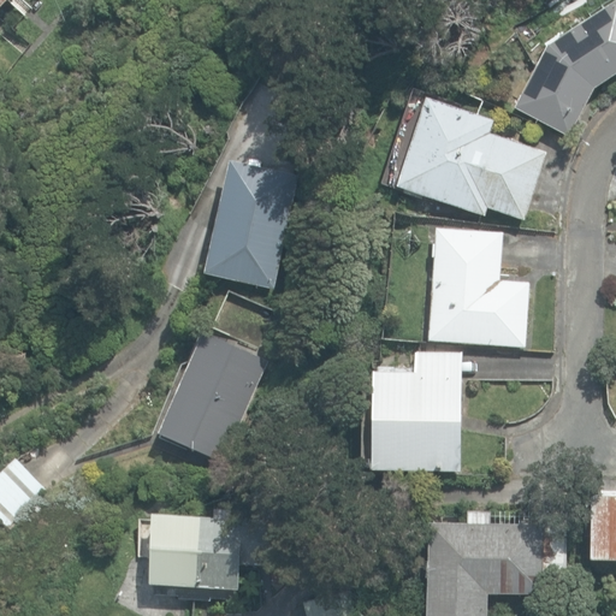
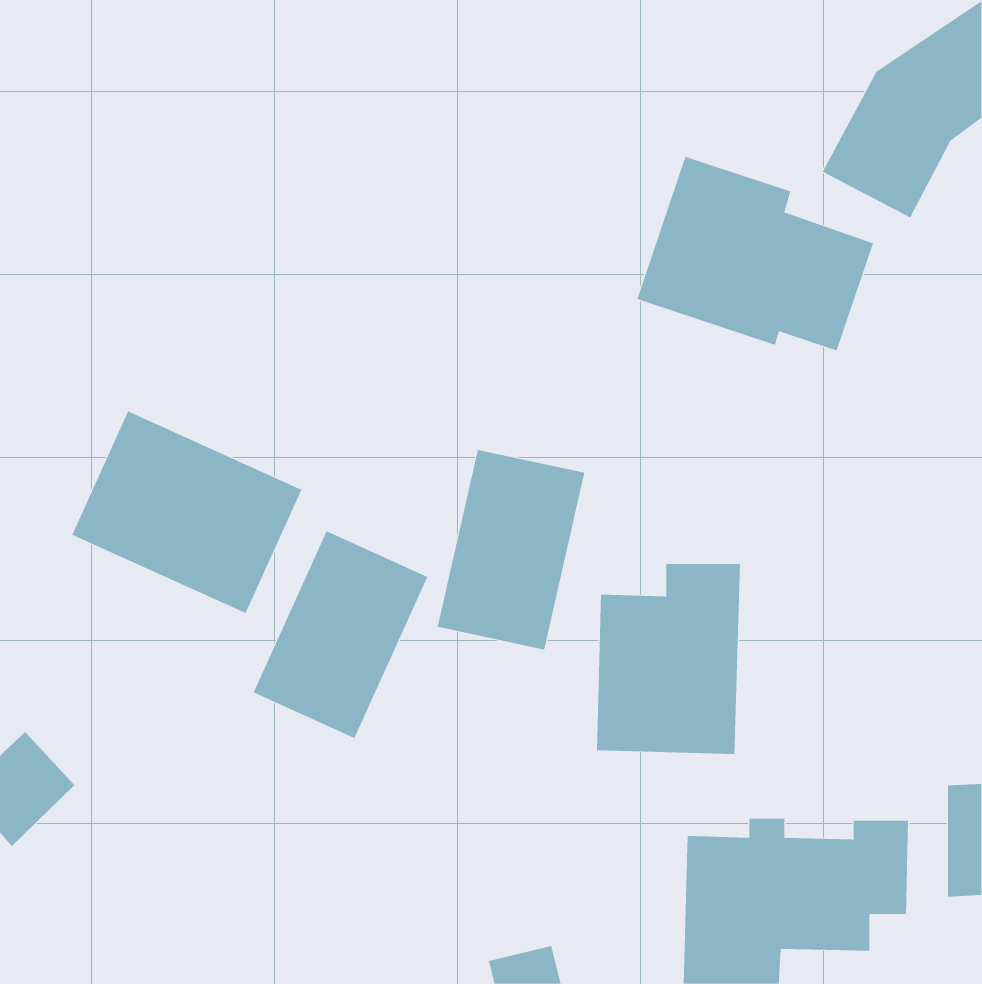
building: [205,161,297,286] -> [437,449,585,650]
building: [428,227,528,346] -> none
building: none -> [72,411,302,614]
building: [150,514,274,599] -> none

